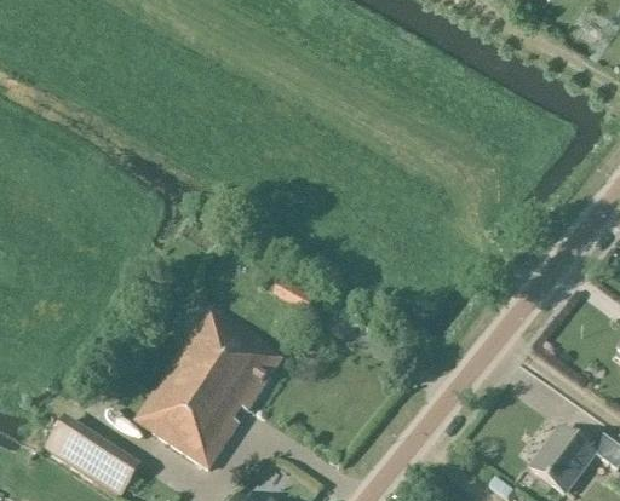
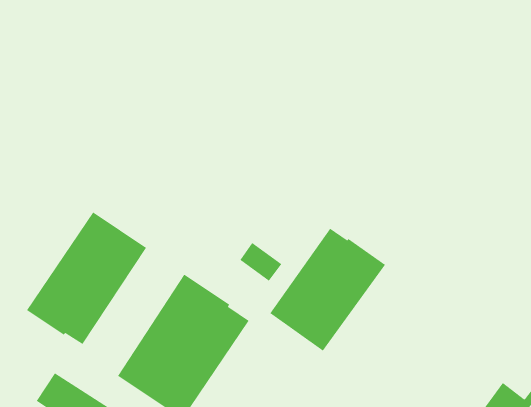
building: none -> [26,211,147,345]
building: none -> [270,228,386,352]

